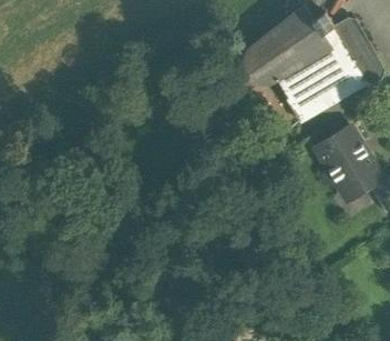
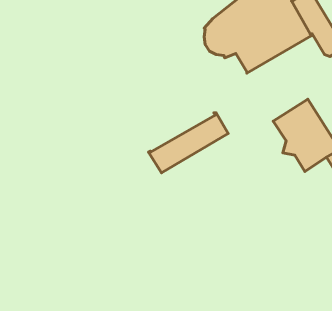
building: [286,59,367,120] -> [148,113,228,173]

